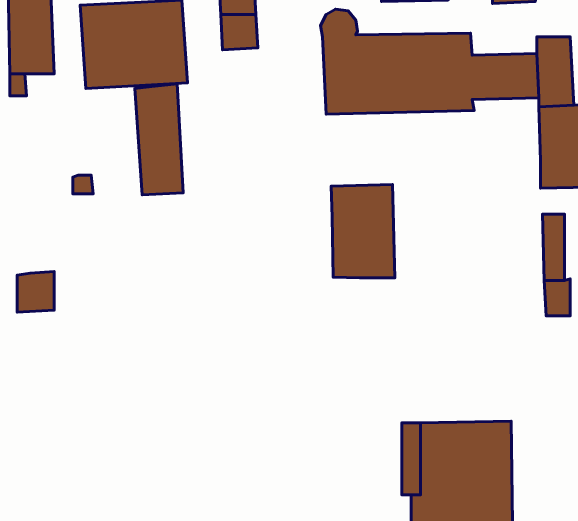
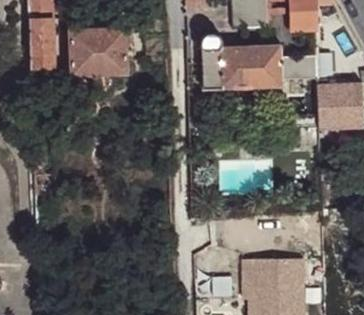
building: [135,84,183,195] -> none
building: [331,185,395,278] -> none

